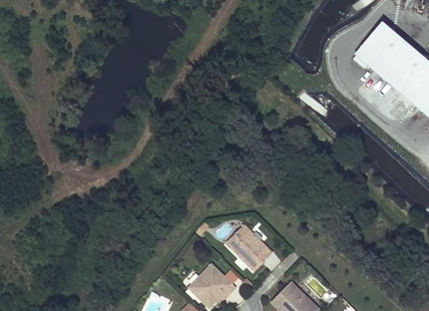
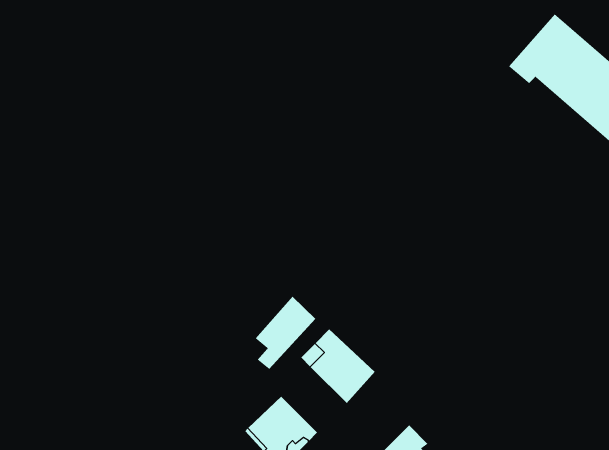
building: none -> [255,296,316,370]

